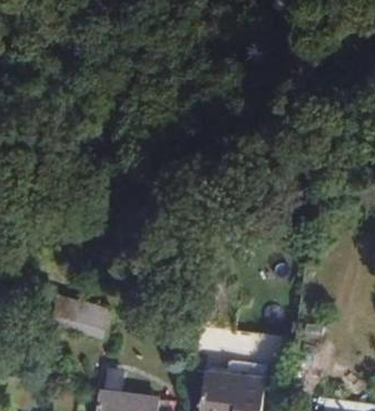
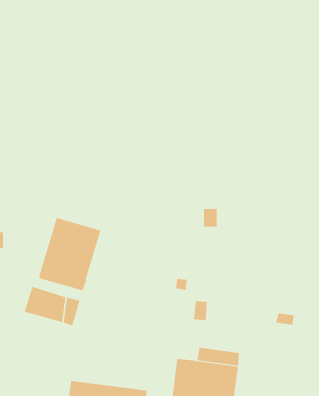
building: none -> [38,217,101,291]

